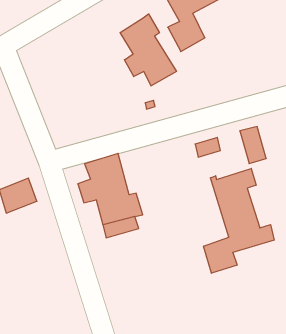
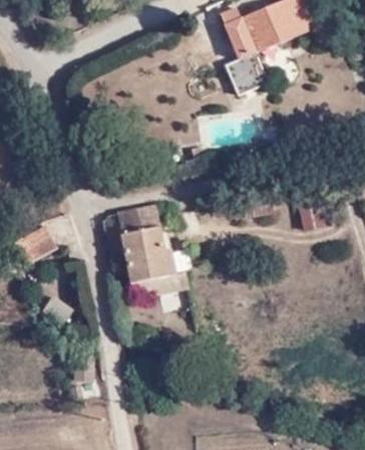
building: [120,14,176,86] -> none
building: [204,168,274,273] -> none

